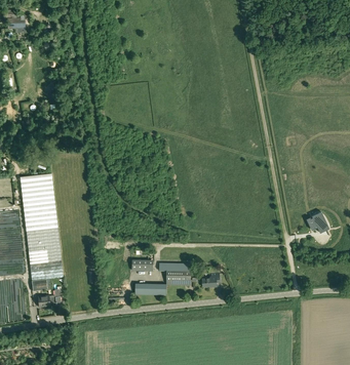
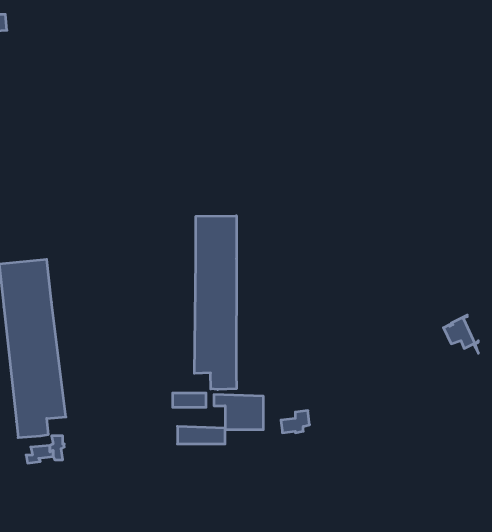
building: none -> [194,216,236,390]

